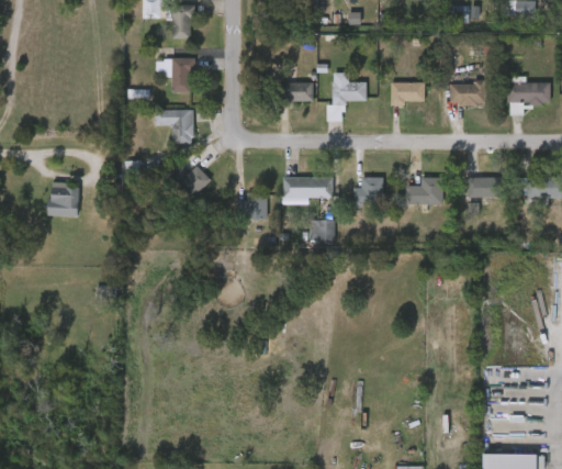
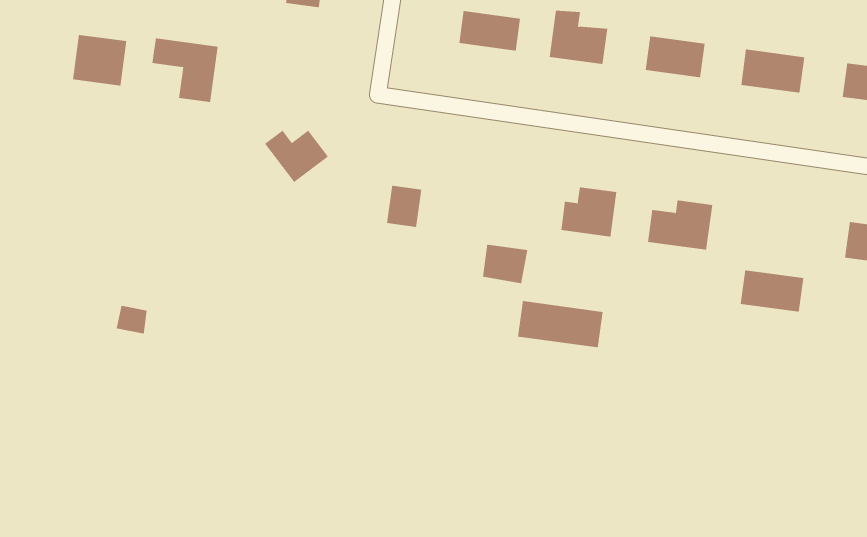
building: [154,110,192,144] -> [152,38,218,103]
building: [283,177,333,199] -> [517,301,604,348]
building: [467,177,503,198] -> [740,270,804,312]
building: [48,188,78,215] -> [72,34,127,86]

